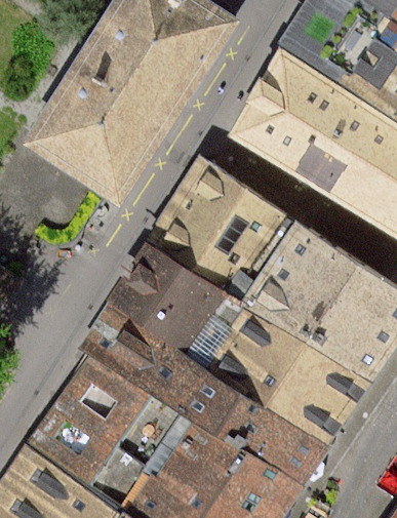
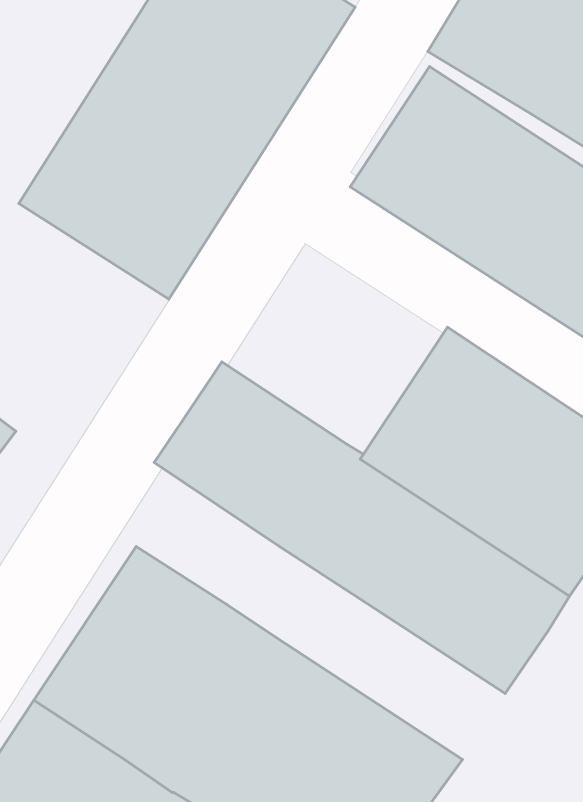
building: [151,160,291,296] -> none
building: [82,302,327,486] -> none

